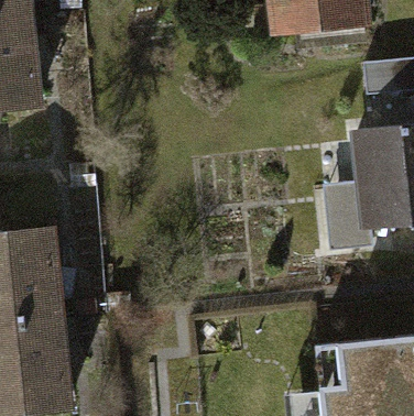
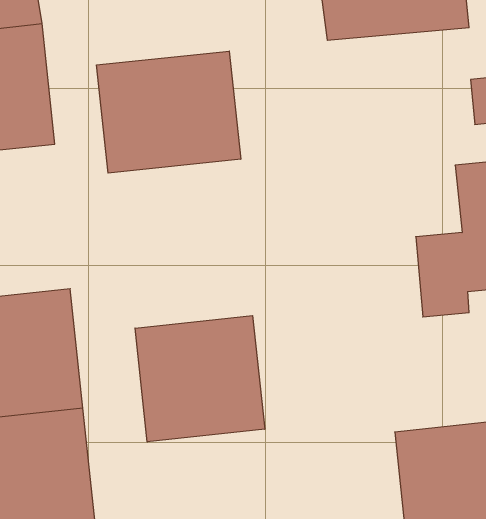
building: none -> [97,51,241,173]
building: none -> [135,316,265,442]

